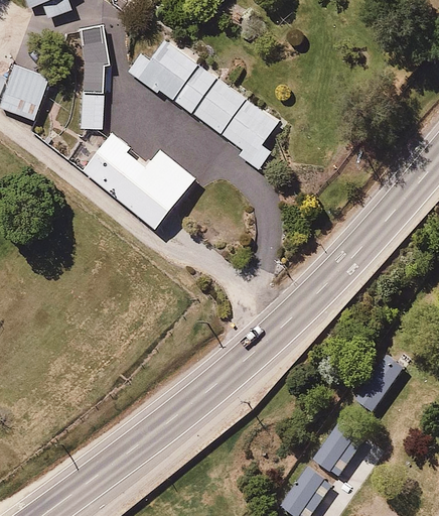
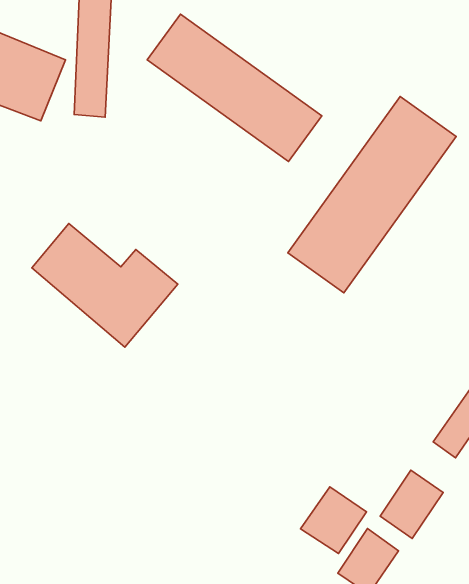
building: none -> [288,97,456,293]
building: [76,128,194,229] -> [32,223,178,347]
building: none -> [300,487,367,554]

